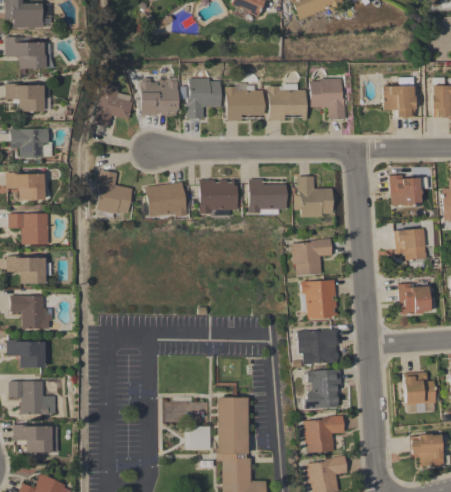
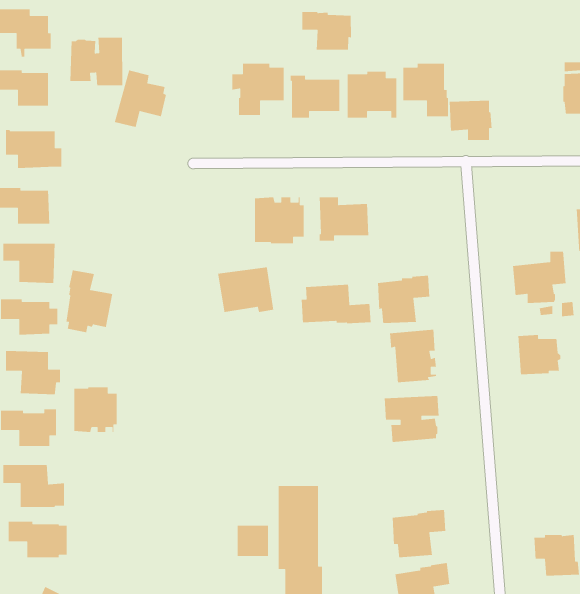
building: none -> [302,11,352,51]
building: none -> [69,37,123,86]
building: [141,77,179,115] -> none
building: [383,86,416,117] -> [449,100,492,141]
building: [96,170,132,218] -> [66,270,113,333]
building: [389,175,422,206] -> none
building: [293,176,332,217] -> none
building: [144,182,187,217] -> [217,267,274,313]
building: none -> [301,284,371,324]
building: none -> [73,386,118,433]
building: [303,368,341,409] -> none
building: [403,372,436,404] -> none

